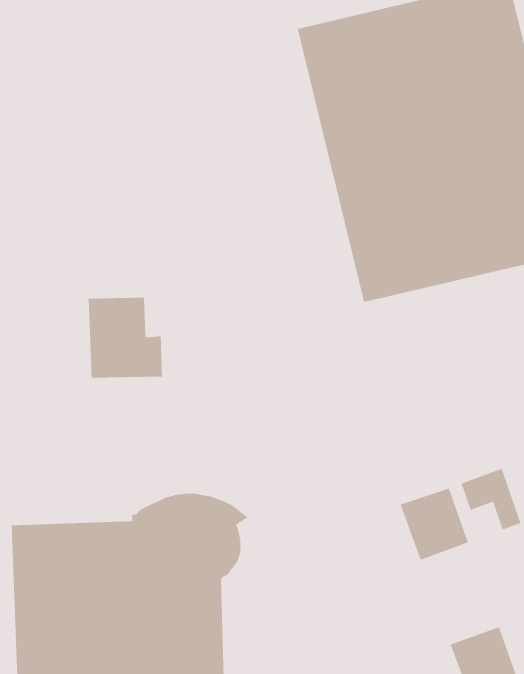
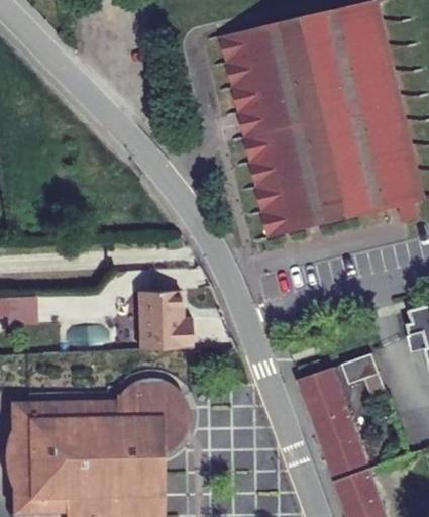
building: [88,297,163,379] -> [140,289,195,348]
building: none -> [10,294,40,323]
building: none -> [310,413,367,487]

